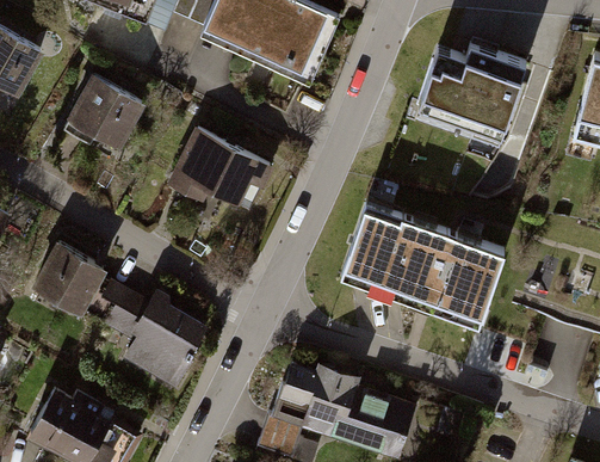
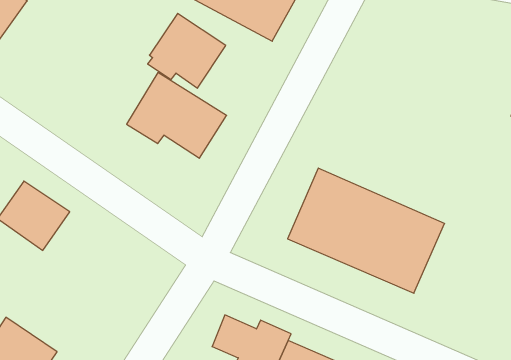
building: [414,45,524,135] -> none
building: [62,66,143,143] -> [148,13,226,88]
building: [112,295,217,394] -> none

